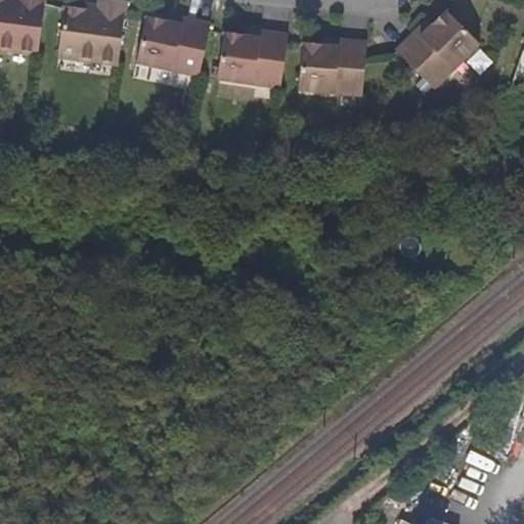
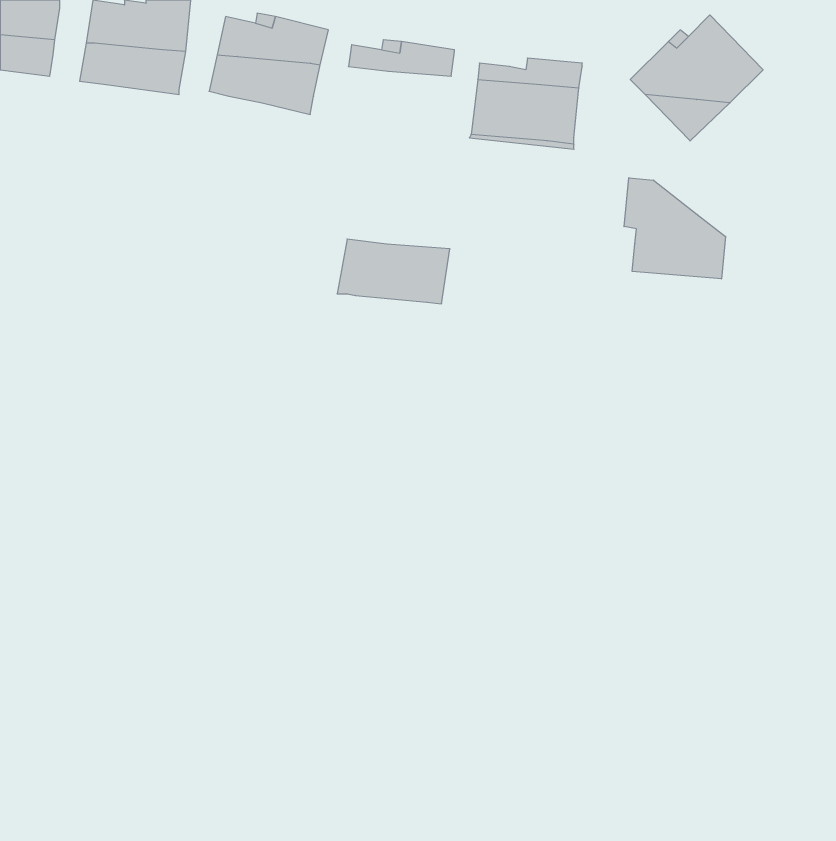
building: [216,45,286,85] -> [337,239,450,304]
building: none -> [624,178,726,279]

